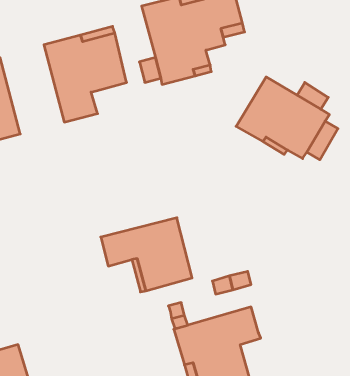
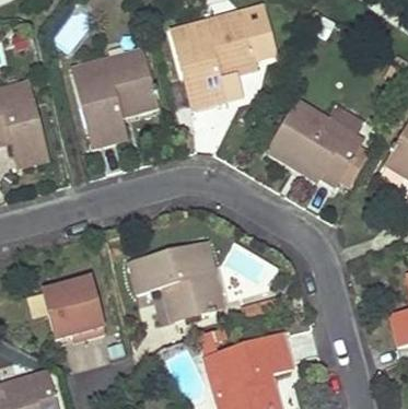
building: none -> [43,279,104,337]

